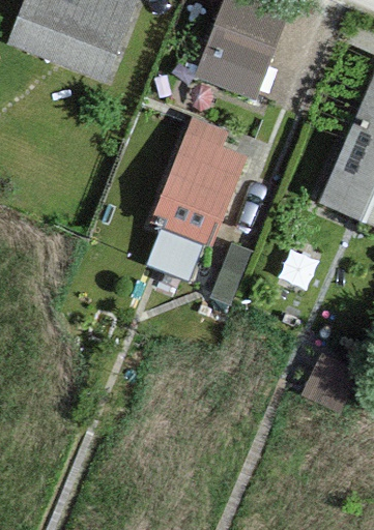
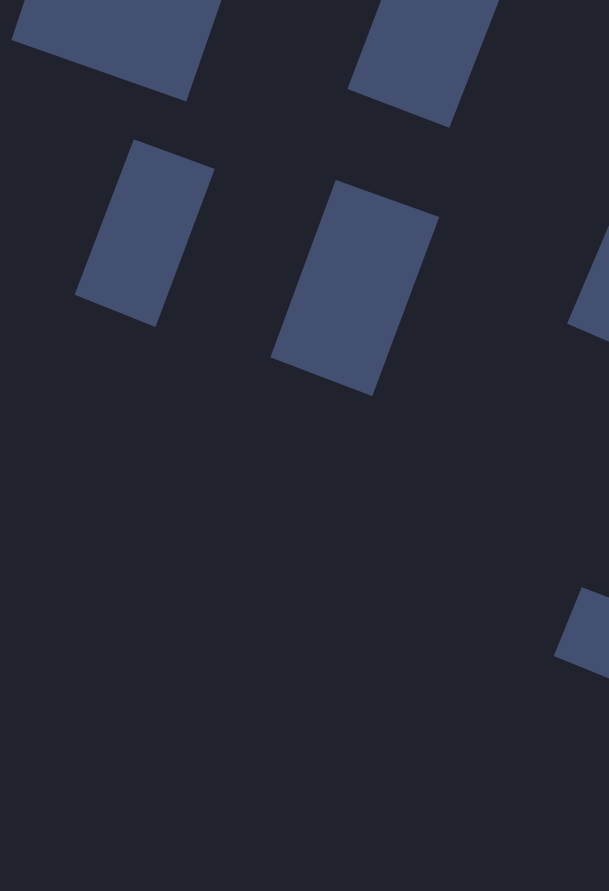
building: none -> [74,139,215,328]

